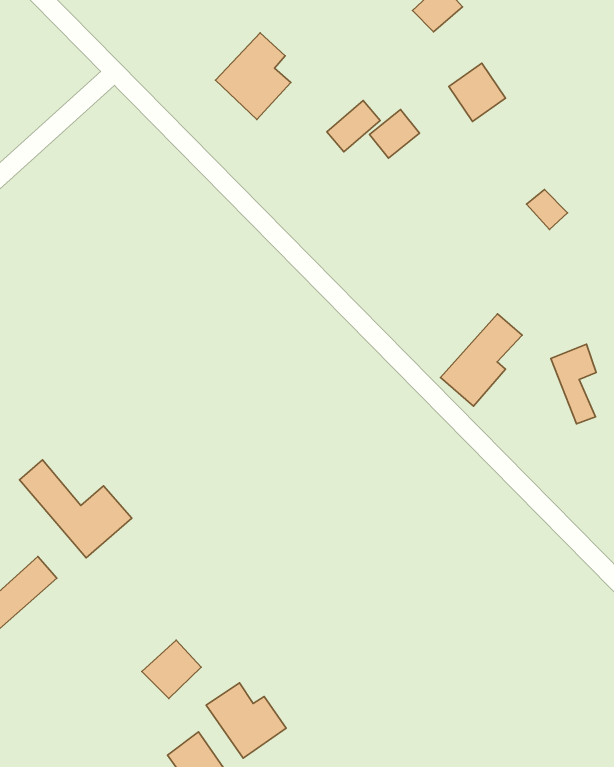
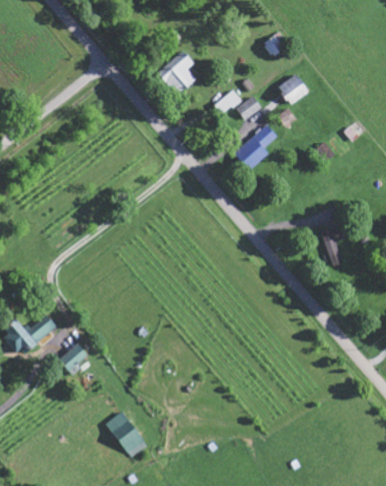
building: [441,314,522,406] -> [234,124,278,171]
building: [20,460,132,558] -> none
building: [142,640,201,698] -> [59,345,90,375]
building: [206,683,286,758] -> none

